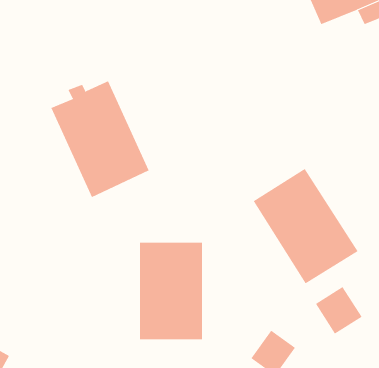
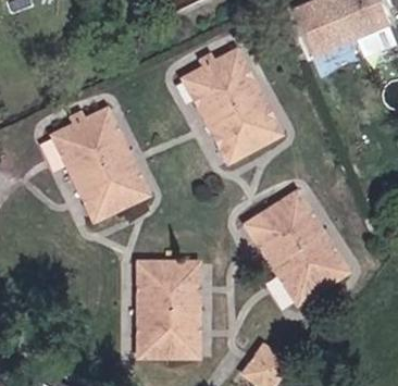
building: none -> [184,50,282,161]
building: [315,286,362,335] -> none

